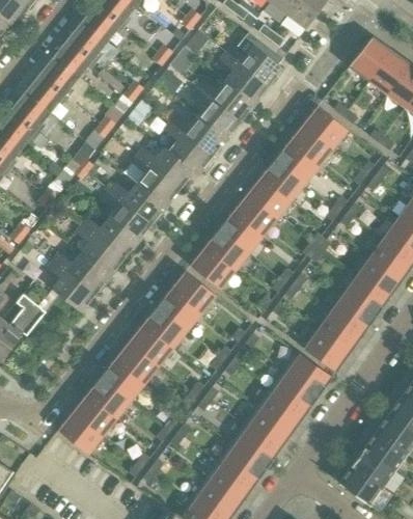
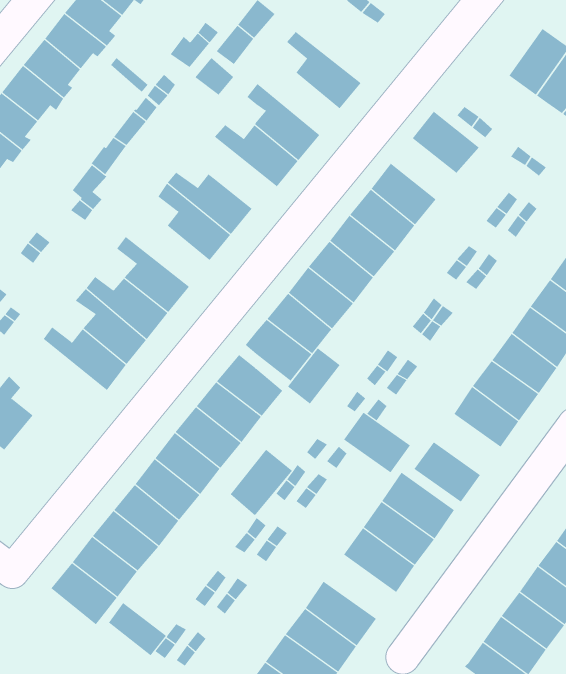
building: [349,35,391,81] -> none
building: [224,43,283,86] -> none
building: [197,78,254,121] -> none
building: [163,122,212,173] -> none
building: [288,124,333,165] -> none
building: [109,183,166,224] -> none
building: [47,260,97,311] -> none
building: none -> [287,348,340,404]
building: [318,310,363,352] -> [343,412,411,473]
building: none -> [230,449,293,516]
building: [243,406,293,449] -> none
building: none -> [108,602,167,656]

